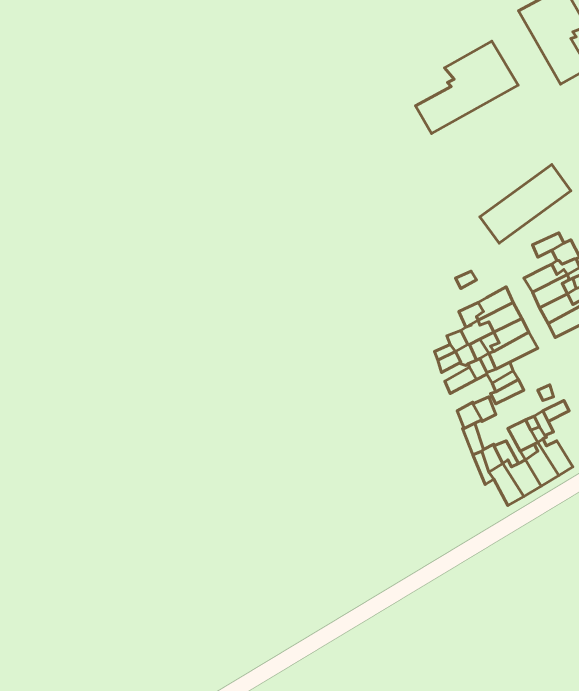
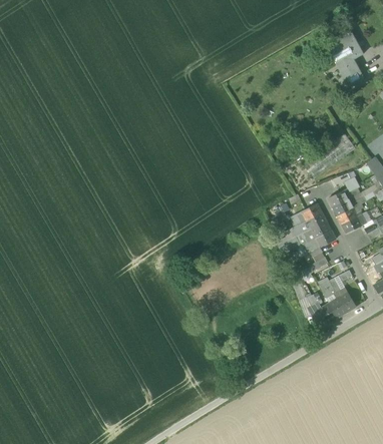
building: [416,41,518,134] -> none

